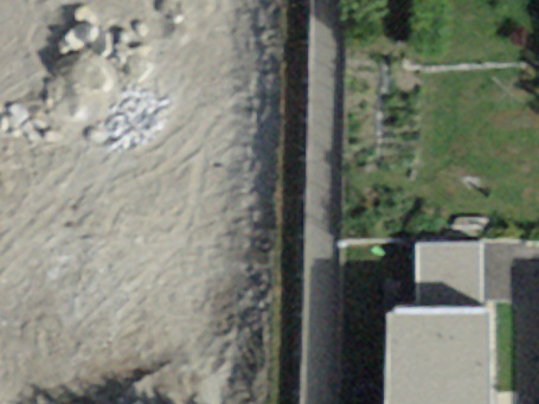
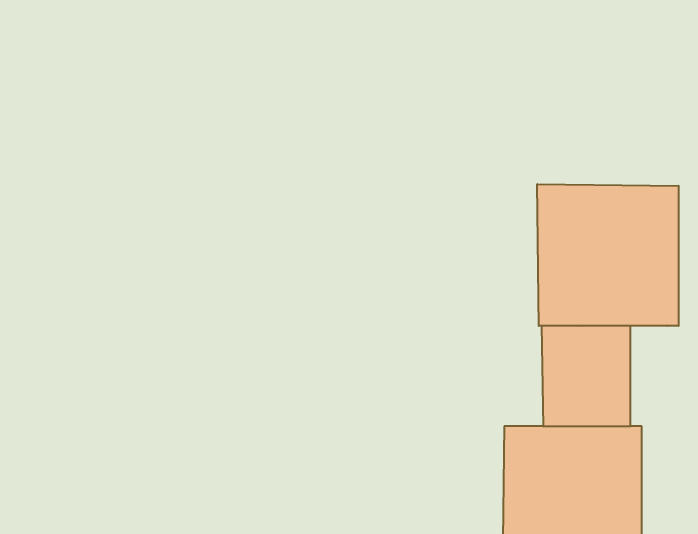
building: none -> [537,184,679,326]

